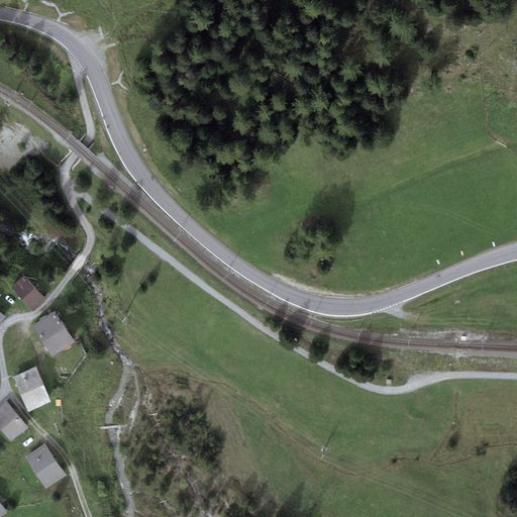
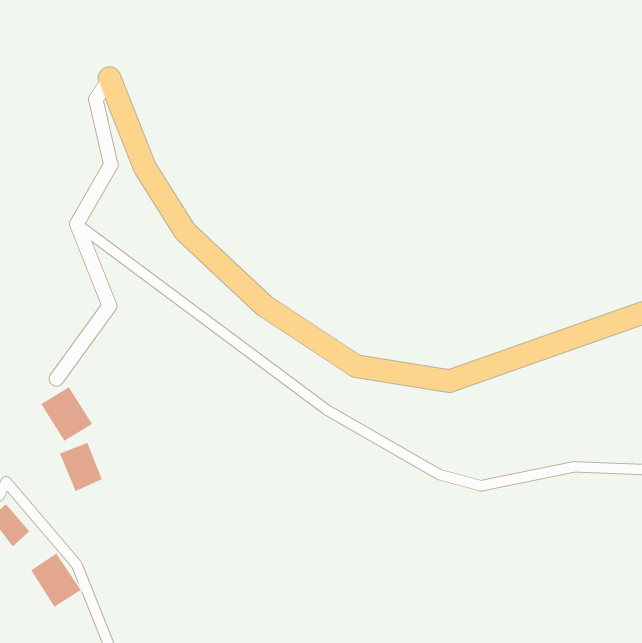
building: [10,275,46,310] -> none
building: [13,368,48,408] -> [59,442,103,492]

